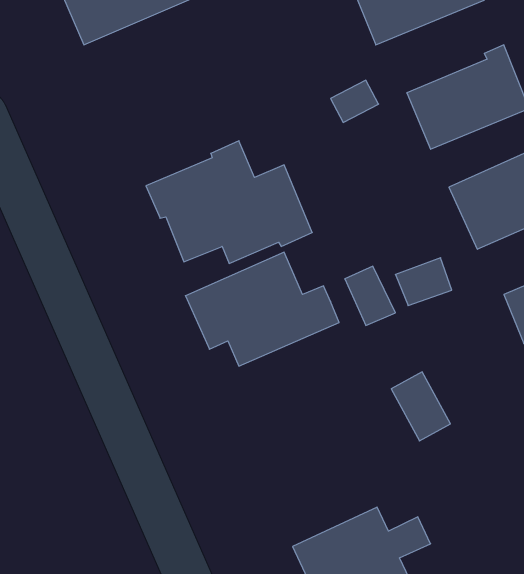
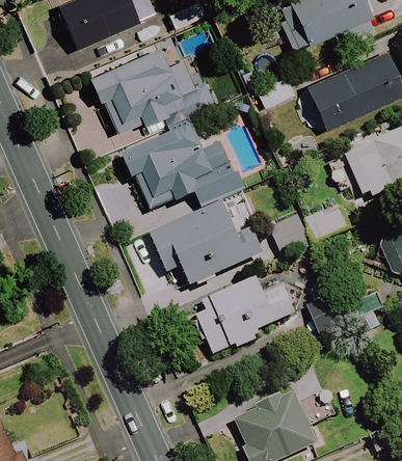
building: none -> [88,39,198,131]
building: none -> [195,275,295,355]

